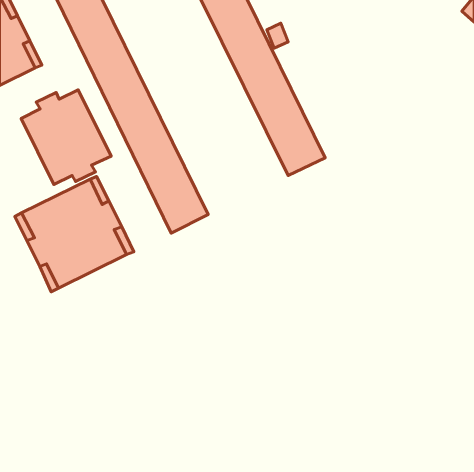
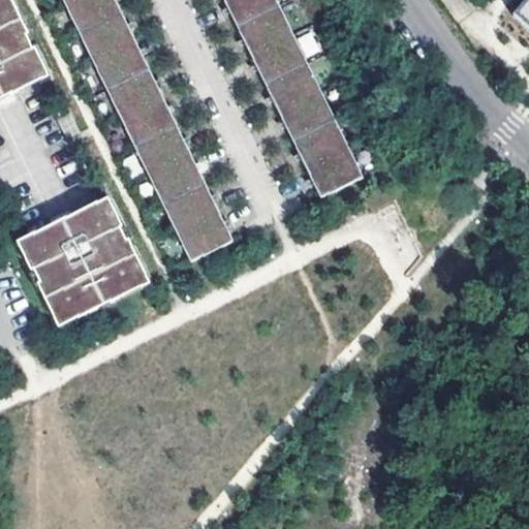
building: [21,90,111,184] -> none

